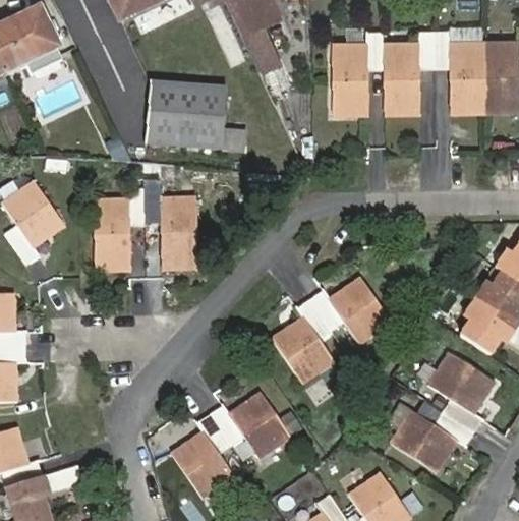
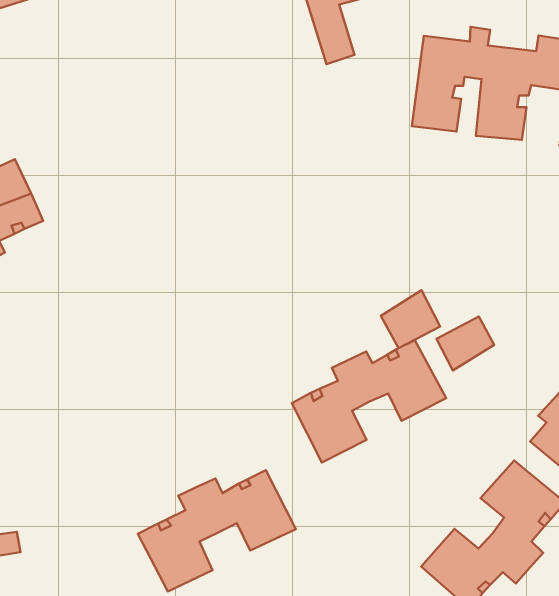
building: [143,80,245,151] -> none
building: [95,187,196,270] -> none
building: none -> [381,290,440,348]
building: none -> [436,317,494,371]

